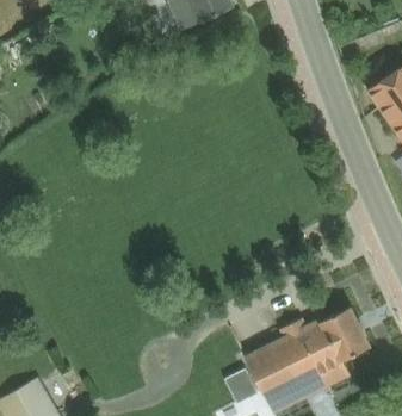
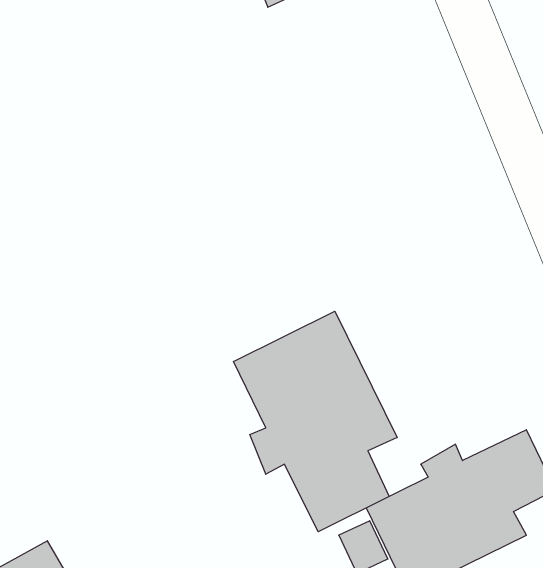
building: none -> [234,311,397,532]

